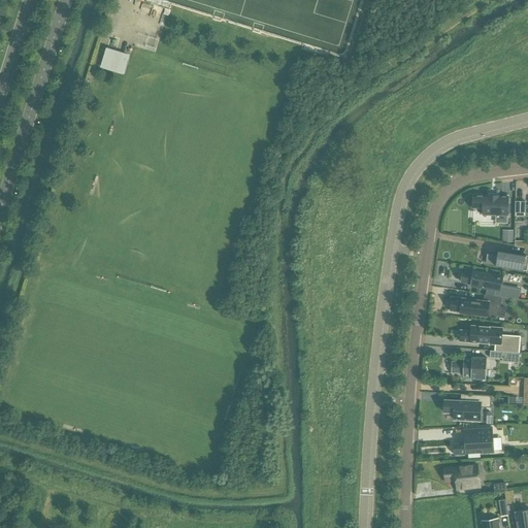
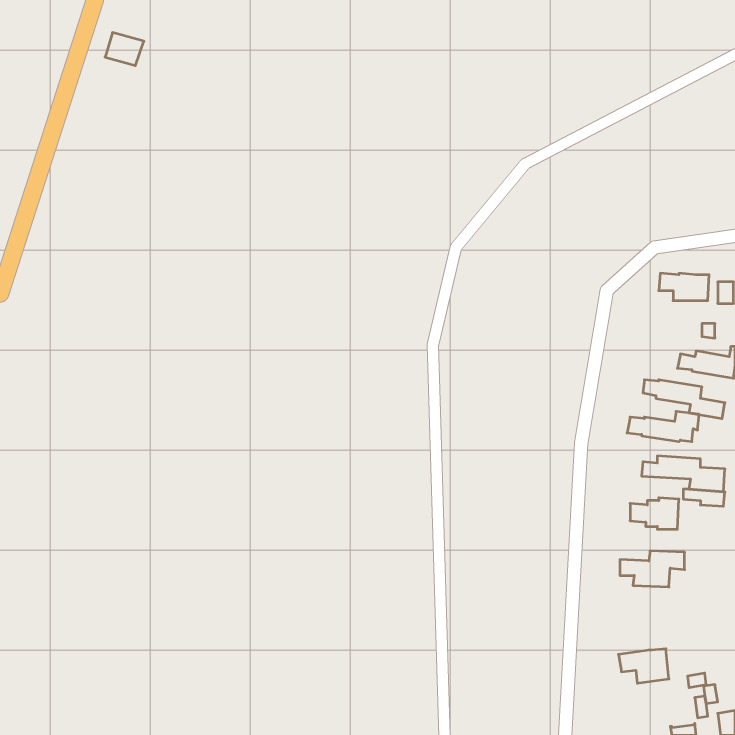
building: [101,50,129,73] -> [105,33,144,66]
building: [453,428,494,455] -> none

